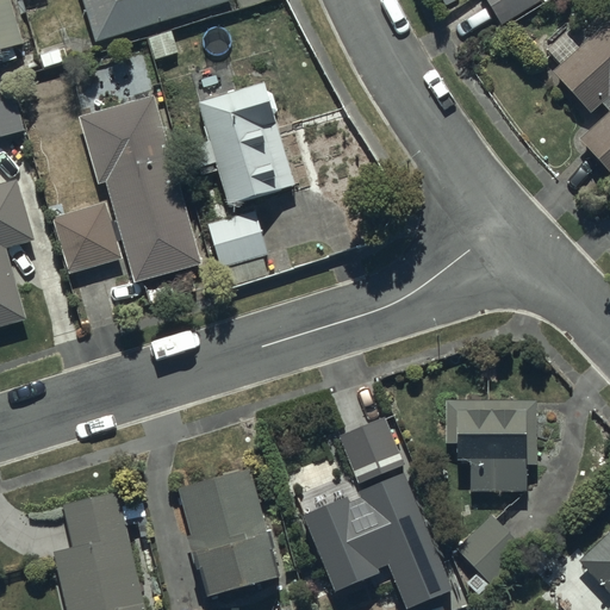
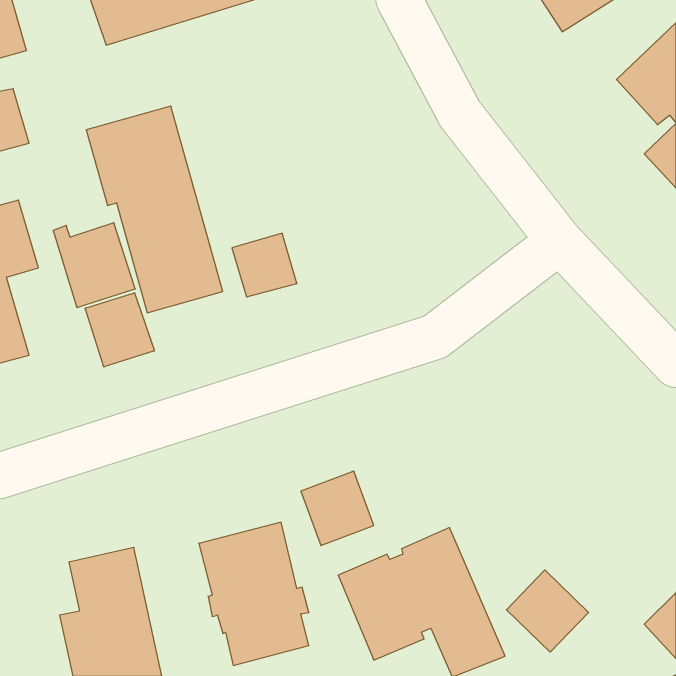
building: [198,82,295,206] -> none
building: none -> [85,293,154,367]
building: [446,402,536,492] -> none
building: [340,418,405,485] -> [301,471,374,545]

